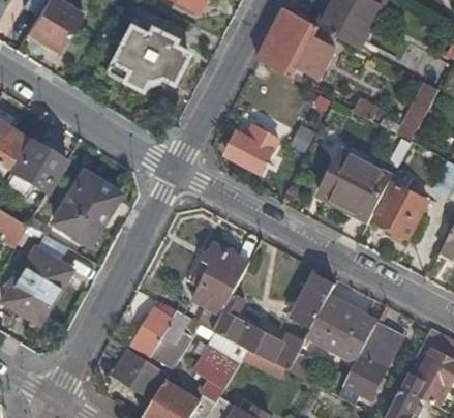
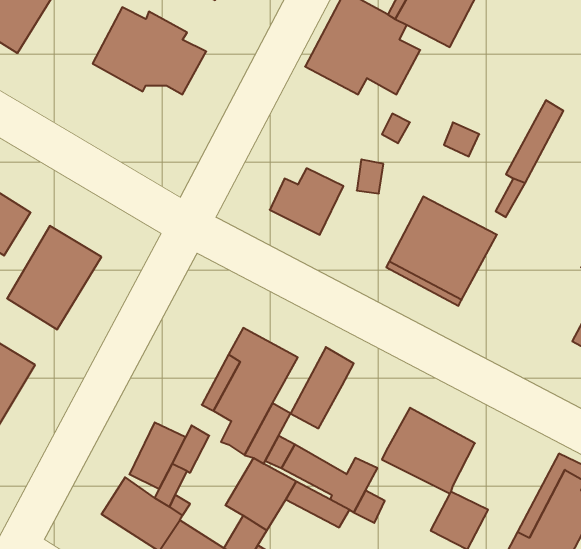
building: [376,183,430,238] -> none
building: [294,271,338,328] -> [290,347,354,428]
building: [360,322,405,367] -> none

